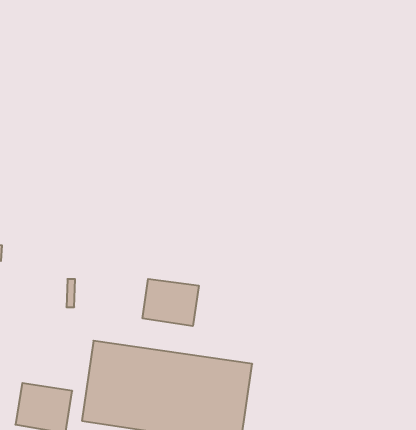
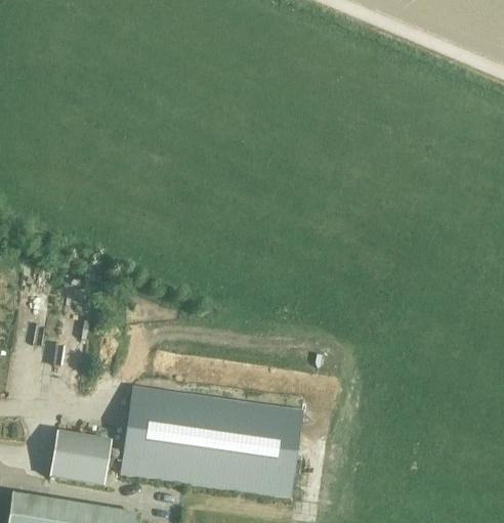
building: [143,279,199,326] -> none

